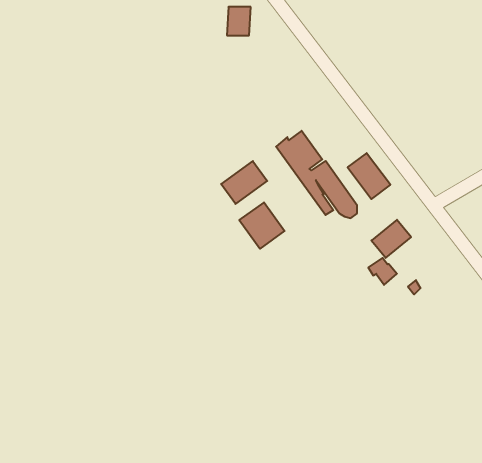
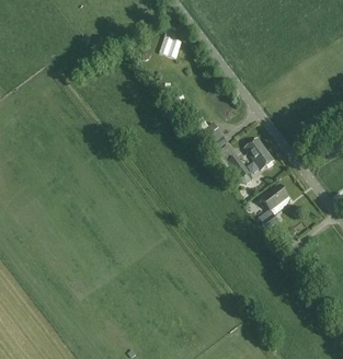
building: [221,161,267,204] -> none
building: [239,202,285,249] -> none

